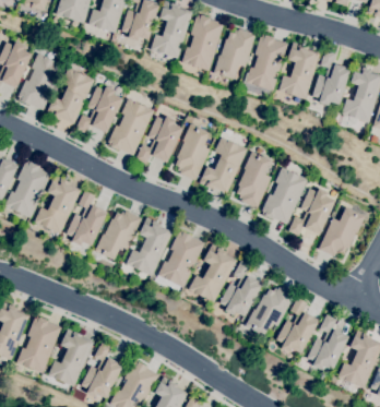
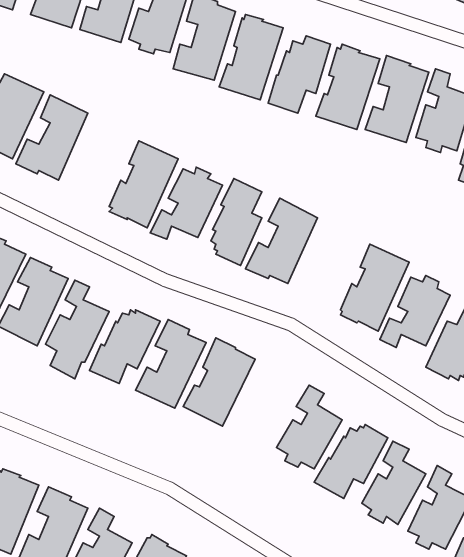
building: [75,86,122,134] -> none
building: [237,152,272,208] -> none
building: [188,244,237,303] -> none

